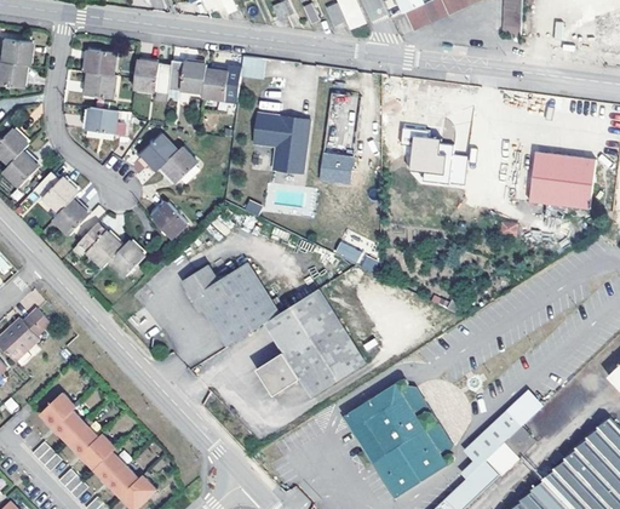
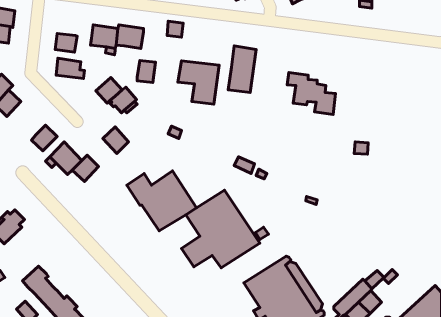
building: [85,48,115,75] -> none
building: [202,70,228,101] -> [137,60,156,82]
building: [529,149,596,206] -> none
building: [316,154,350,184] -> none
building: [33,172,78,212] -> none

